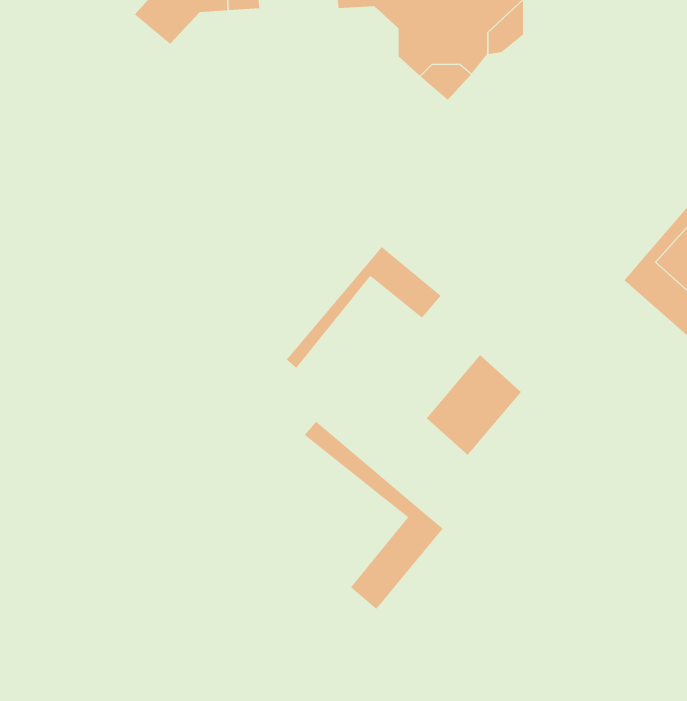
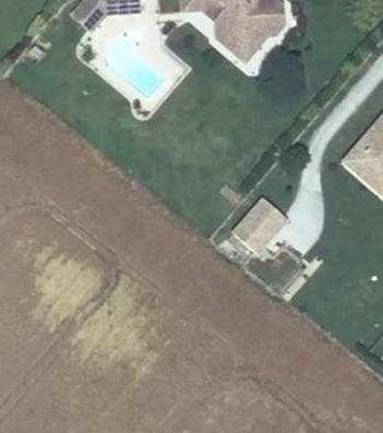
building: [286,246,442,369] -> none
building: [304,421,444,610] -> none

